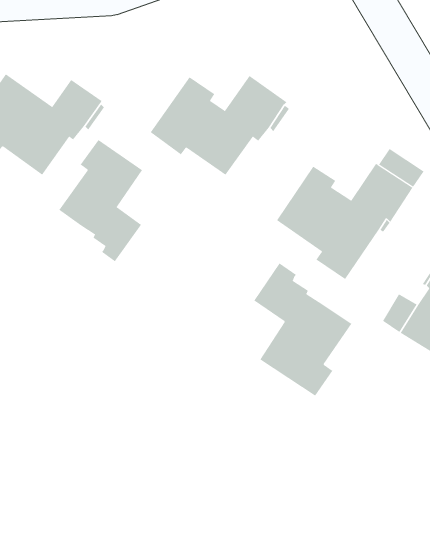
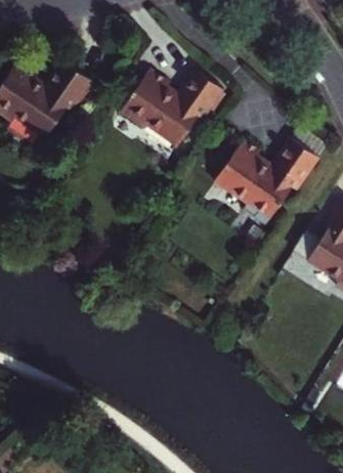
building: [58,139,143,262] -> none
building: [254,263,352,396] -> none

